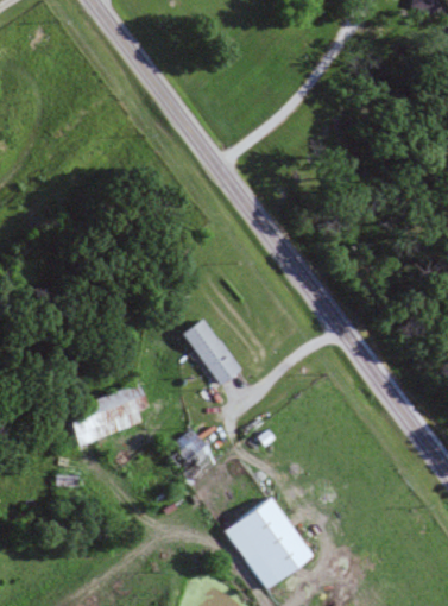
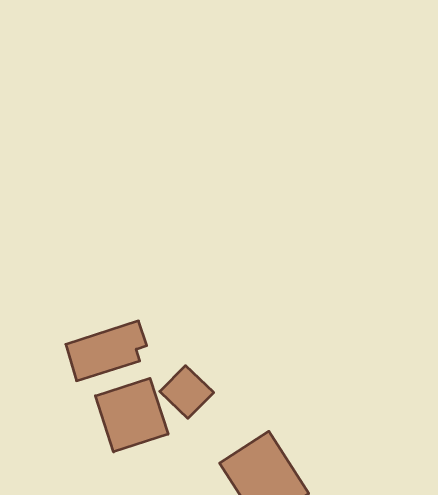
building: [183,318,241,386] -> none
building: none -> [95,378,168,452]

